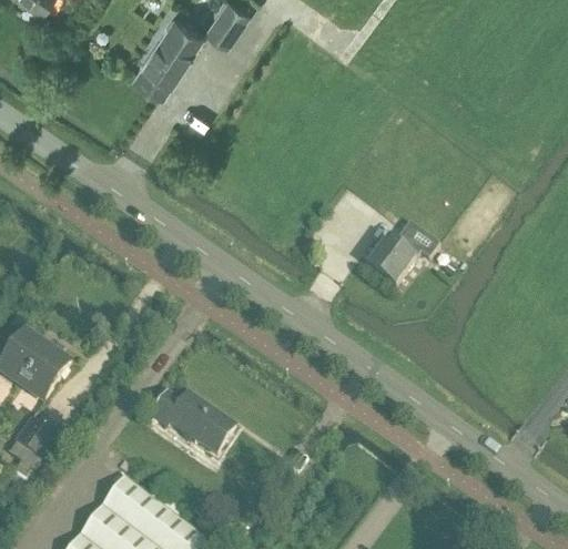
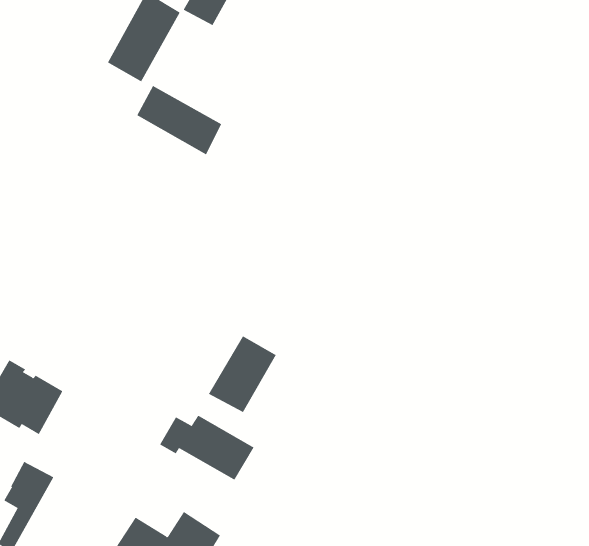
building: none -> [136,85,222,155]
building: [365,225,436,288] -> none
building: none -> [208,336,277,413]

